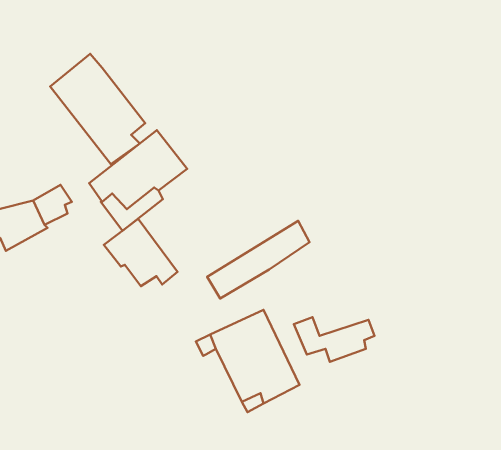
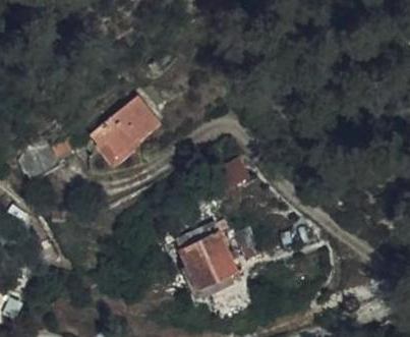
building: [50,54,145,164] -> none
building: [104,219,178,286] -> none

